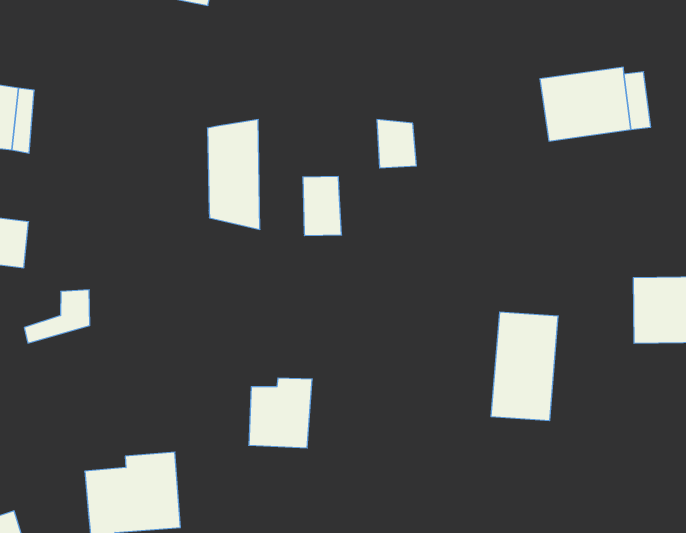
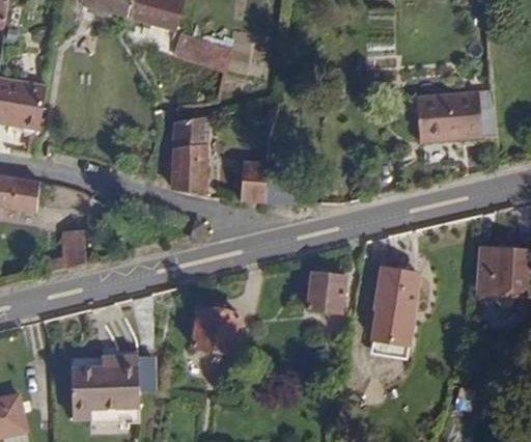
building: none -> [173,33,233,72]
building: [377,120,416,168] -> [267,168,294,203]
building: none -> [305,271,347,313]

